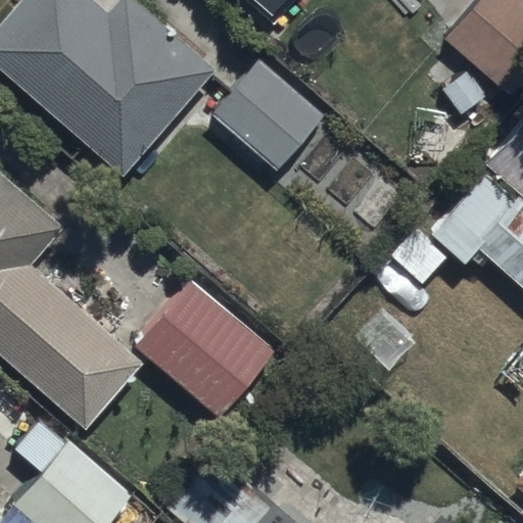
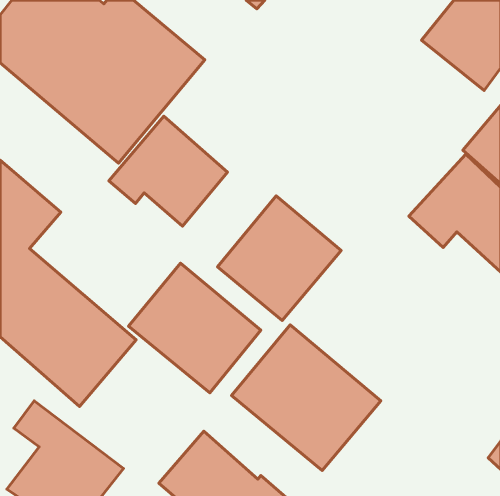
building: [199,57,323,172] -> [109,116,228,226]
building: none -> [217,196,341,321]
building: none -> [232,325,381,471]

